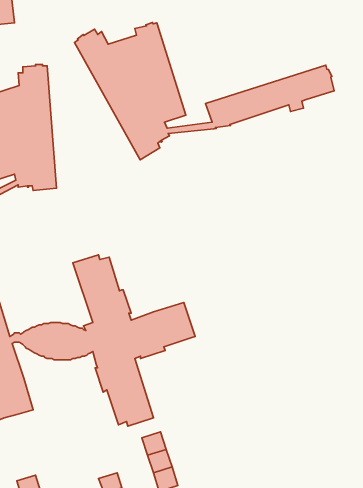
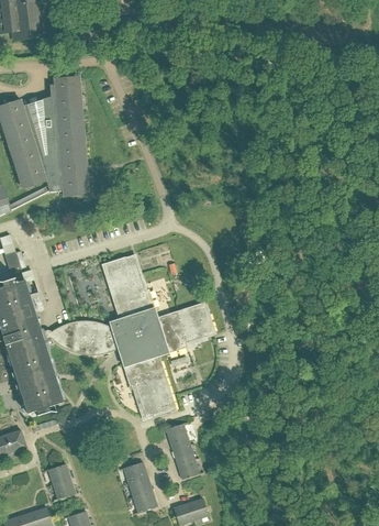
building: [75,23,334,160] -> none

